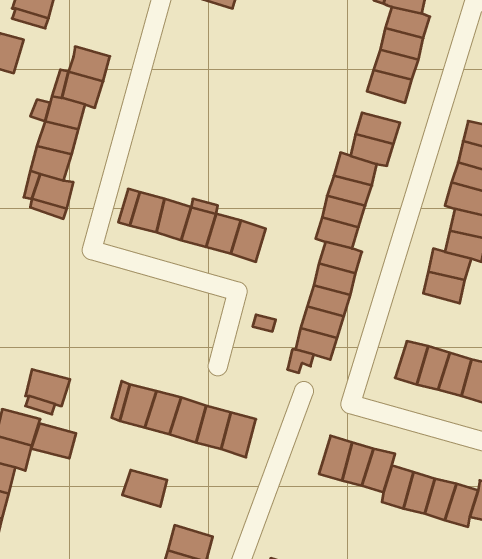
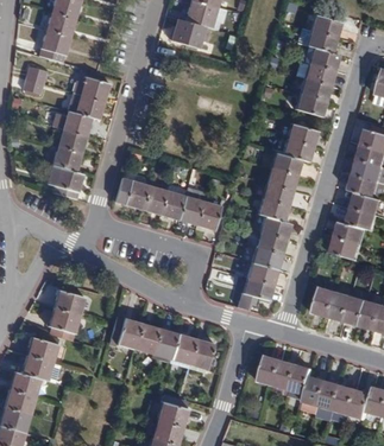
building: [31,424,76,458] -> [53,289,86,314]
building: [122,470,167,507] -> [156,401,188,427]

